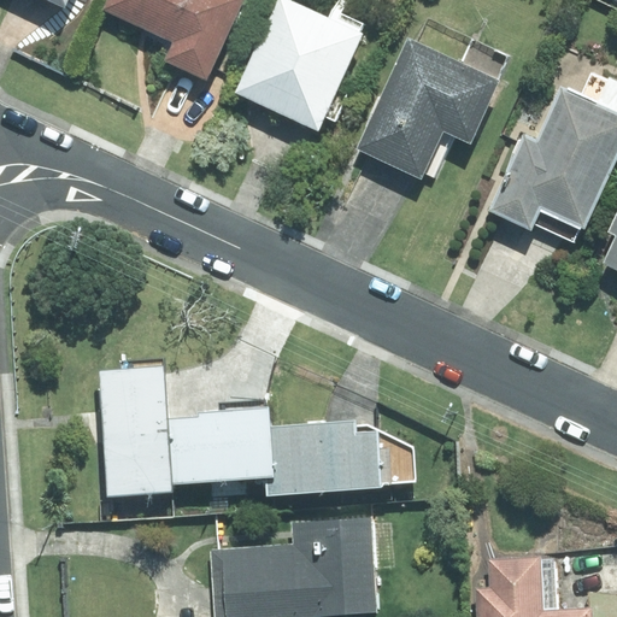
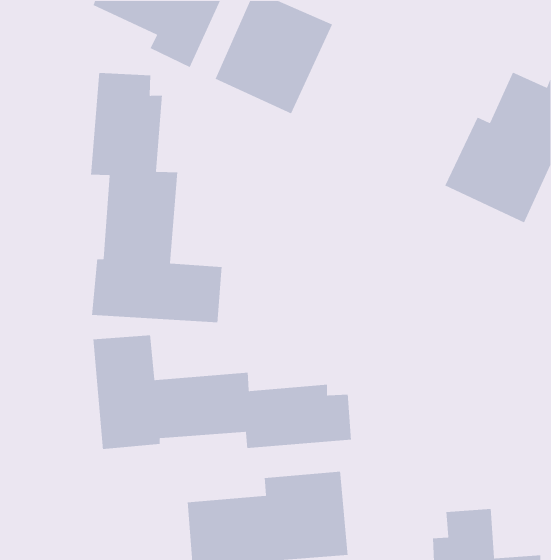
building: [353,34,501,190] -> none
building: none -> [90,72,222,323]

